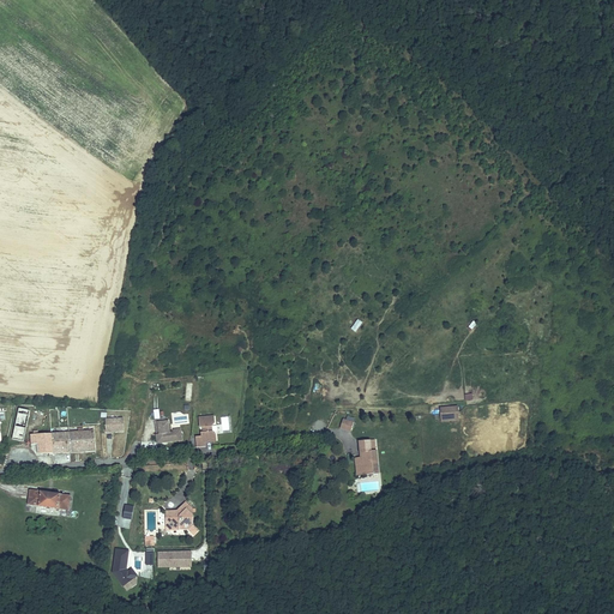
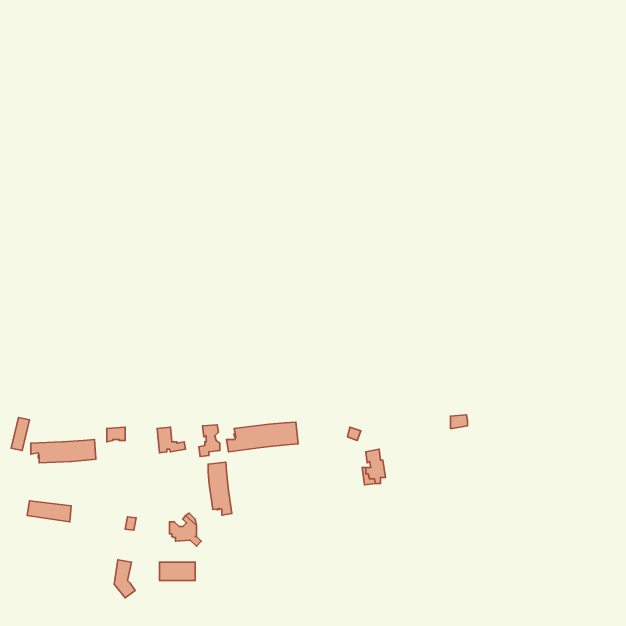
building: none -> [227,422,298,452]
building: none -> [208,462,232,515]

